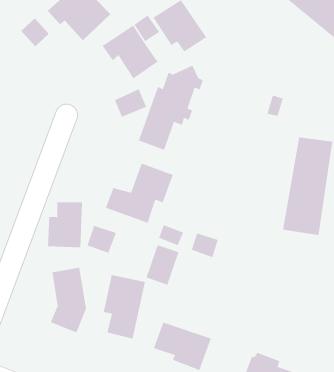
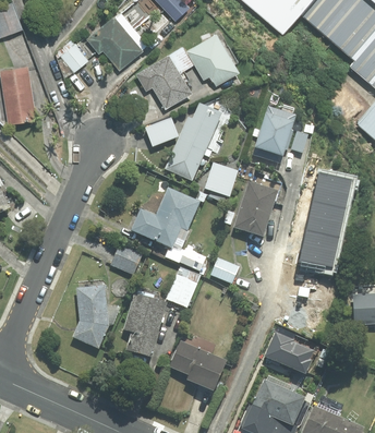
building: none -> [254,107,295,163]
building: none -> [206,163,238,195]
building: none -> [234,172,280,237]
building: [47,201,83,248] -> none
building: none -> [265,332,313,373]

